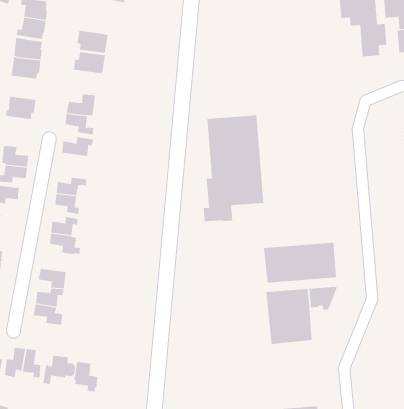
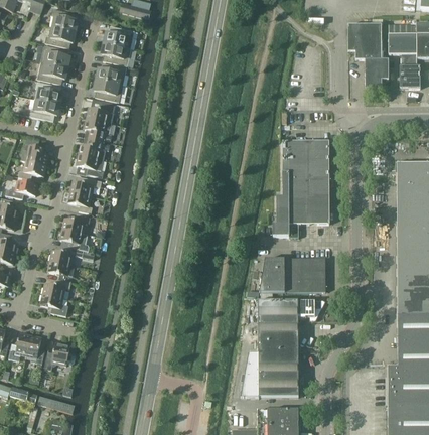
building: none -> [104,25,135,48]
building: none -> [93,79,123,102]
building: none -> [34,83,61,104]
building: [203,115,264,222] -> [272,140,329,237]
building: none -> [76,155,104,177]
building: none -> [50,248,84,266]
building: none -> [240,347,299,396]
building: [74,361,98,393] -> none

